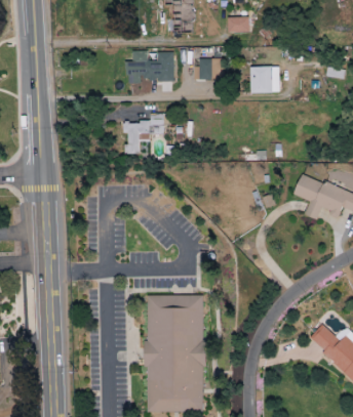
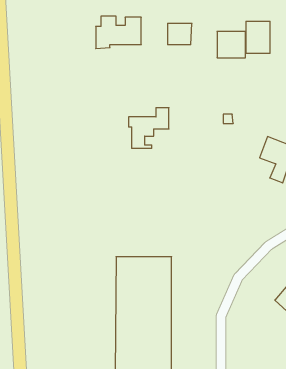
building: none -> [246,21,270,53]
building: [123,113,164,154] -> [129,108,169,148]

